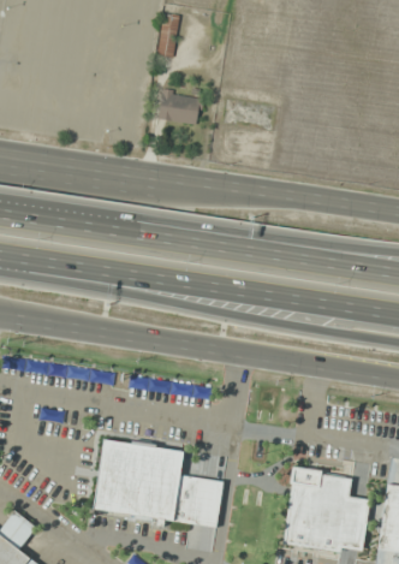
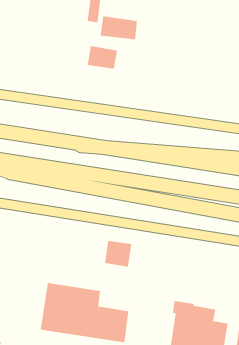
building: none -> [100,16,138,40]
building: none -> [104,240,132,268]

